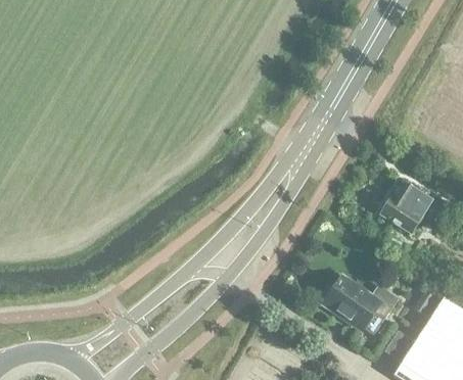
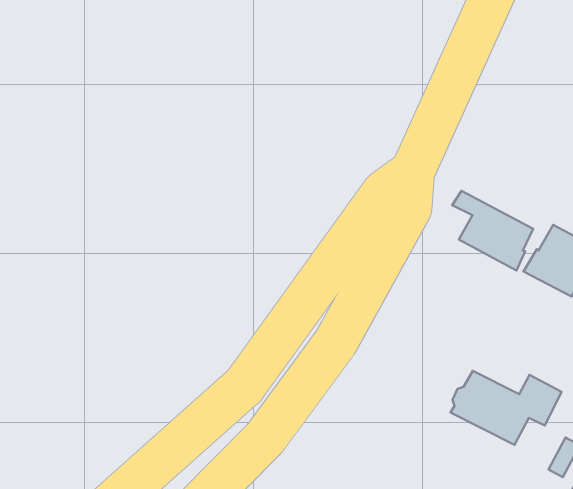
building: none -> [452,191,533,271]

